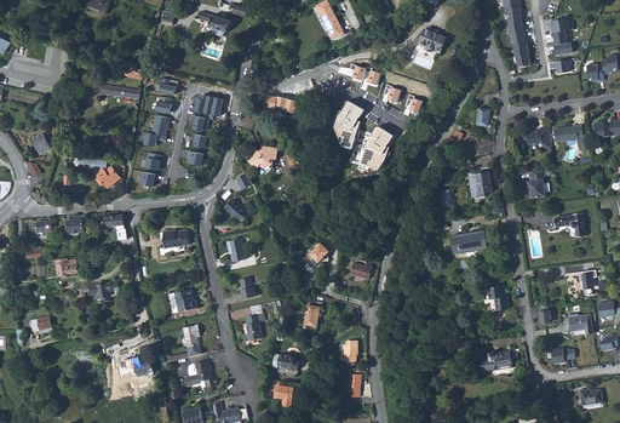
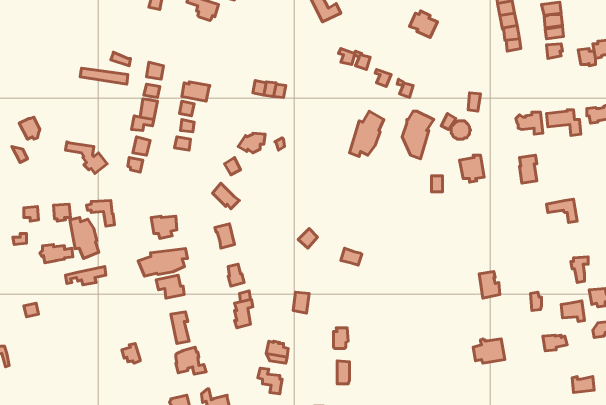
building: [333,102,364,149] -> [402,111,434,159]
building: [450,230,486,252] -> none
building: none -> [70,217,99,258]
building: none -> [138,249,187,276]

